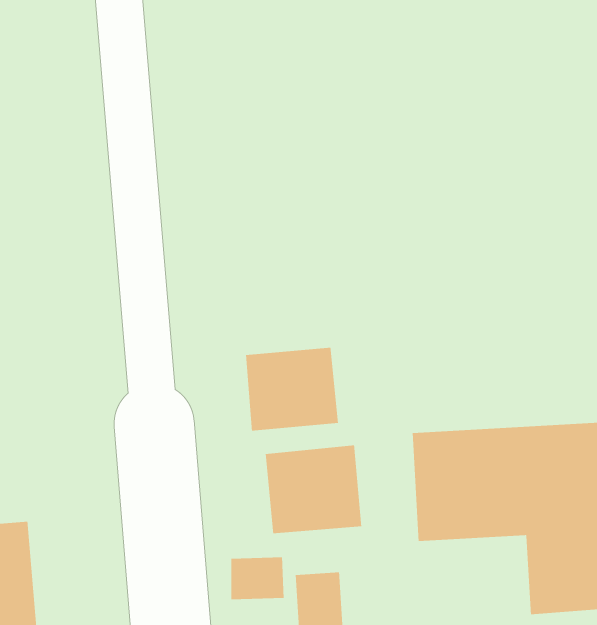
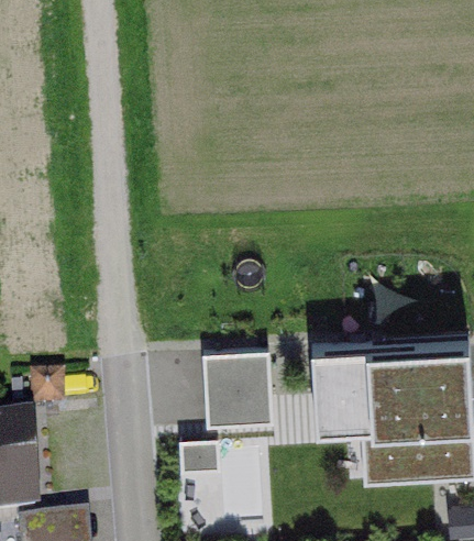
building: [245,347,339,432] -> none

